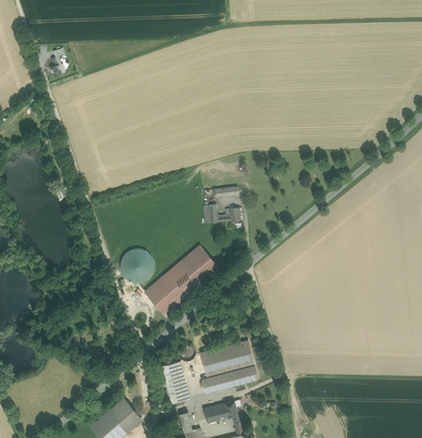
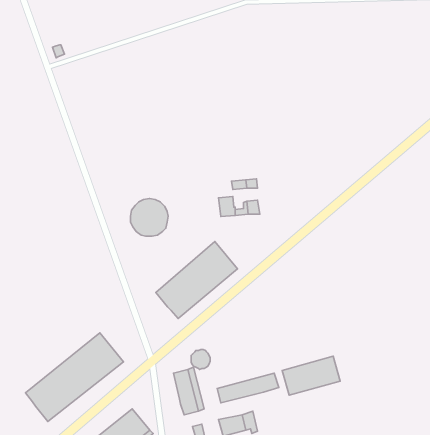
building: [120,248,154,283] -> [130,198,168,236]
building: none -> [25,333,124,422]
building: [200,340,253,376] -> [282,356,340,395]

